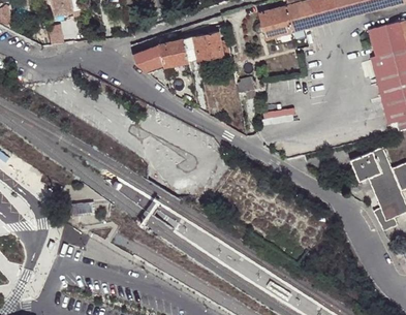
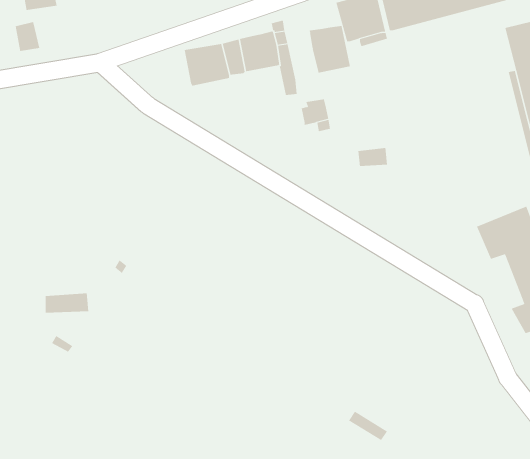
building: none -> [309,25,351,74]
building: [133,45,162,73] -> none

